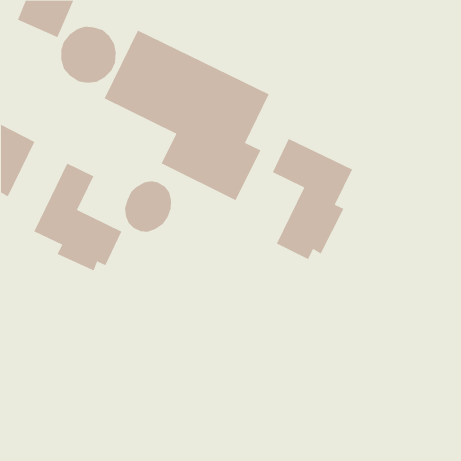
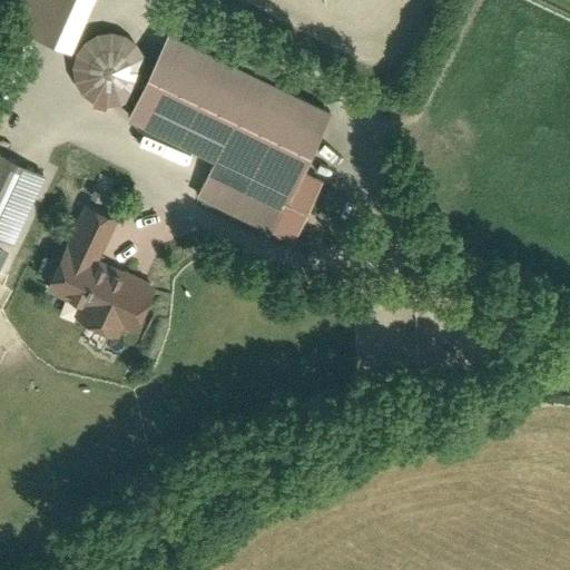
building: [272,138,353,260] -> none
building: [125,180,171,232] -> none

